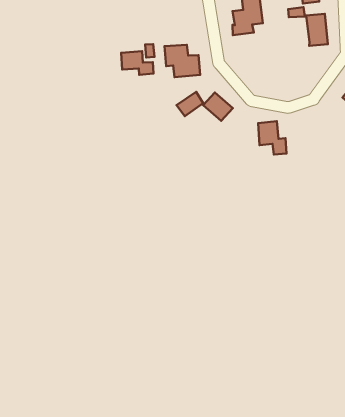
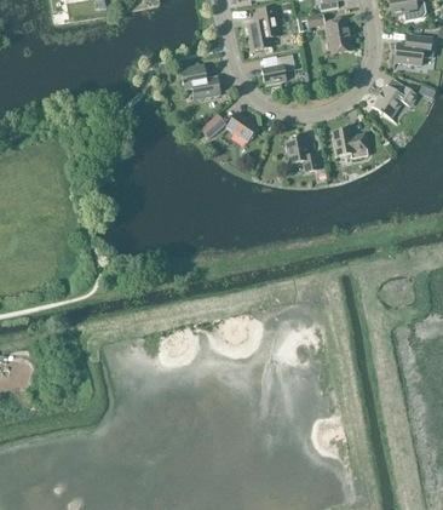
building: none -> [261,53,295,84]
building: [121,51,153,75] -> none
building: none -> [333,128,368,157]

